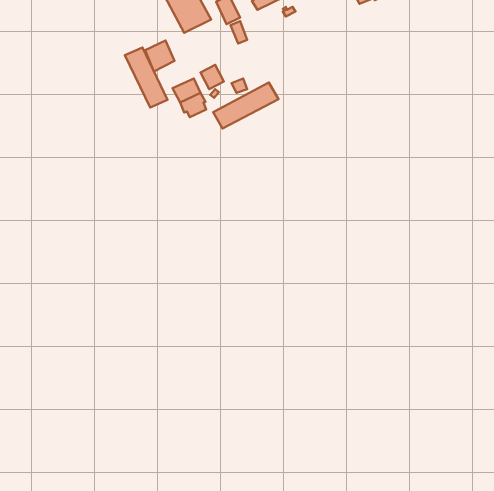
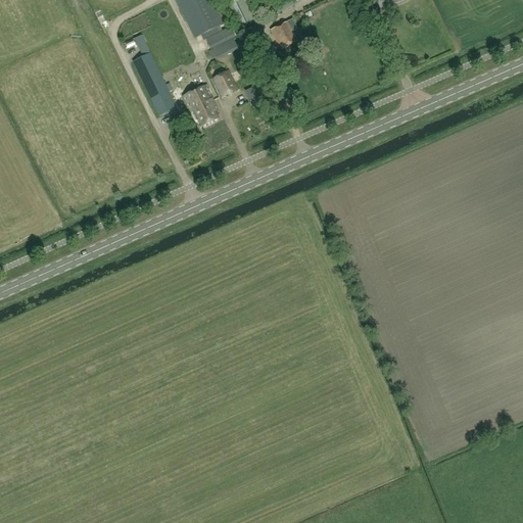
building: none -> [271,15,296,47]
building: [145,41,174,72] -> [206,25,237,57]
building: [213,83,278,129] -> none

